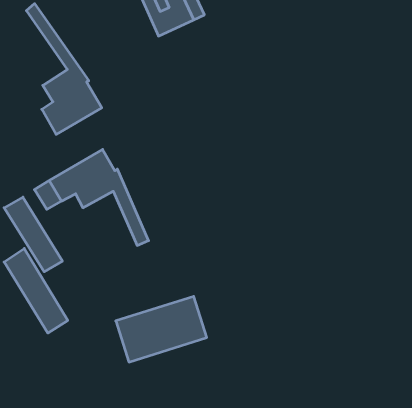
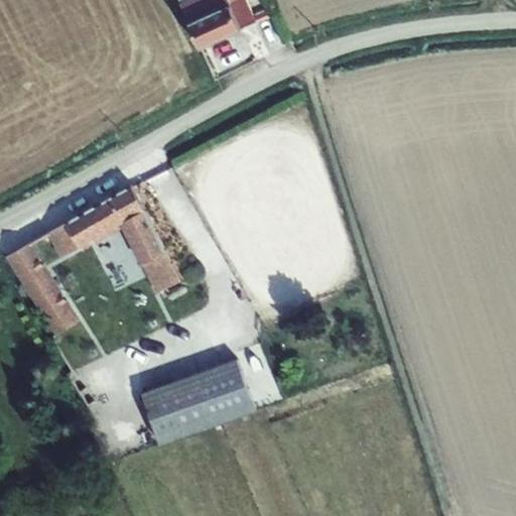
building: [26,4,102,134] -> none
building: [4,248,68,333] -> none

